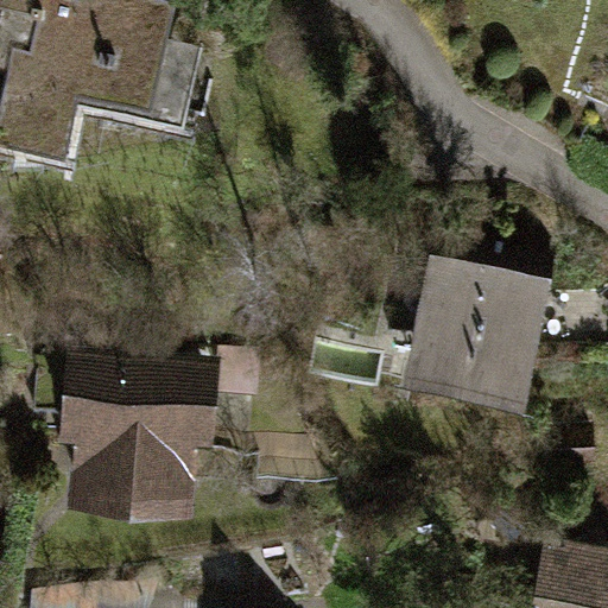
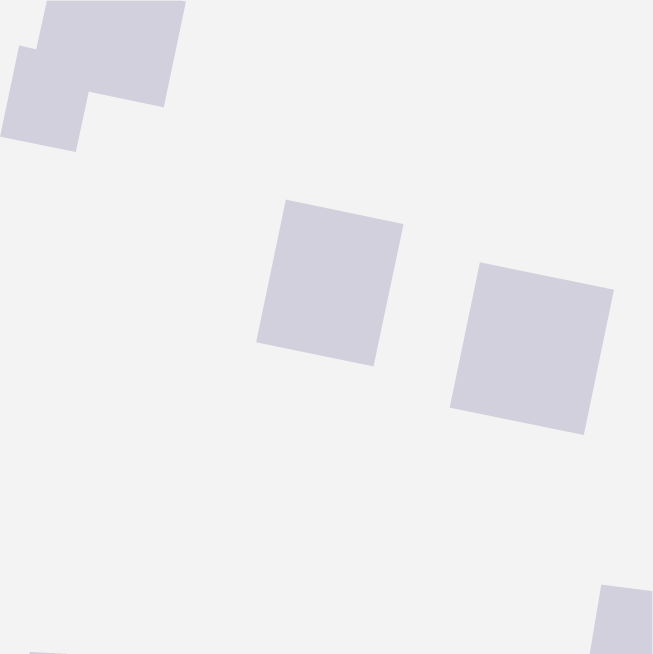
building: none -> [255,199,404,367]
building: [55,353,216,522] -> none

